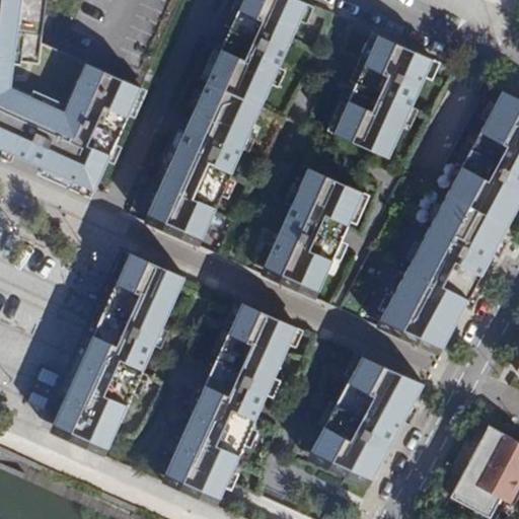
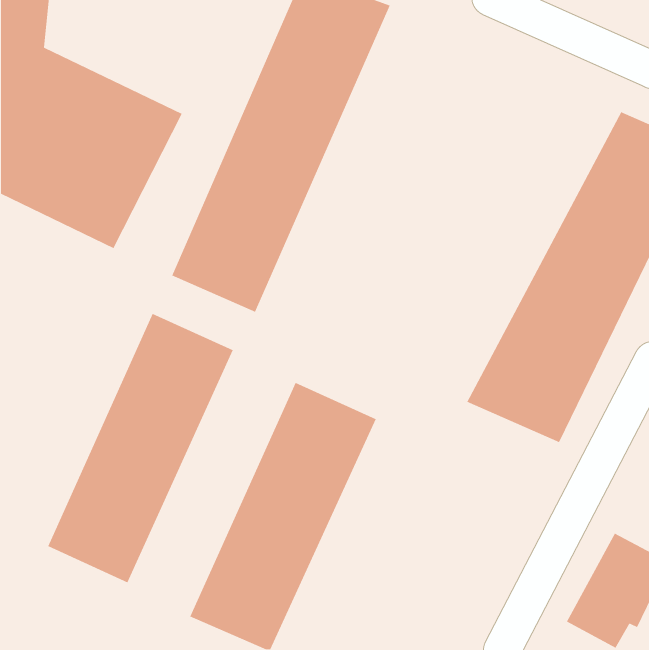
building: [326,29,438,160] -> none
building: [257,167,371,296] -> none
building: [304,355,429,481] -> none

